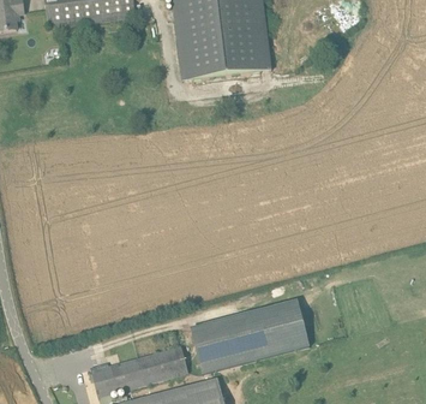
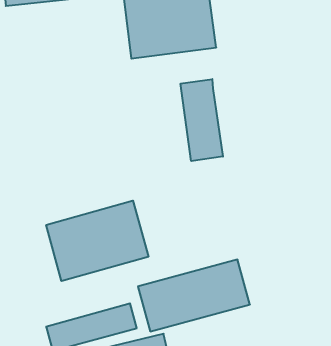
building: none -> [181,79,223,161]
building: none -> [46,201,148,281]

